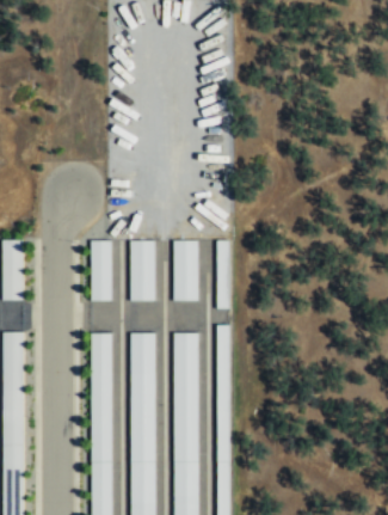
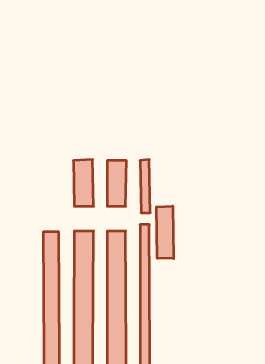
building: [91,243,112,304] -> none
building: none -> [156,206,174,259]

